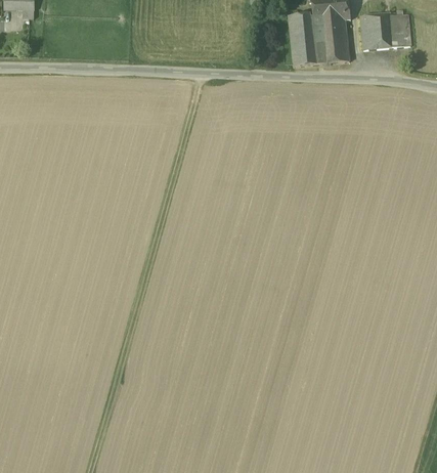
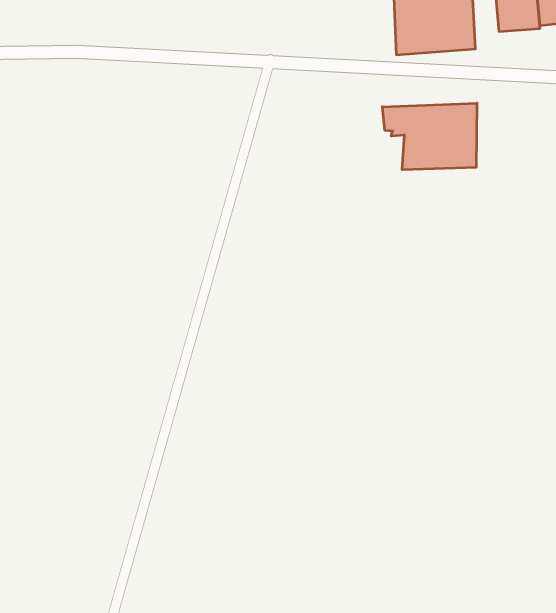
building: none -> [382,103,477,170]

